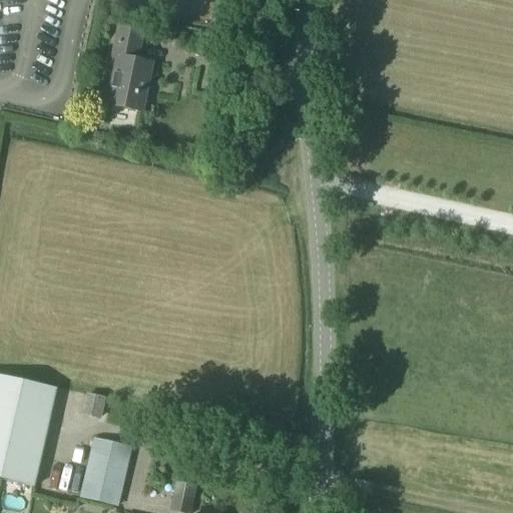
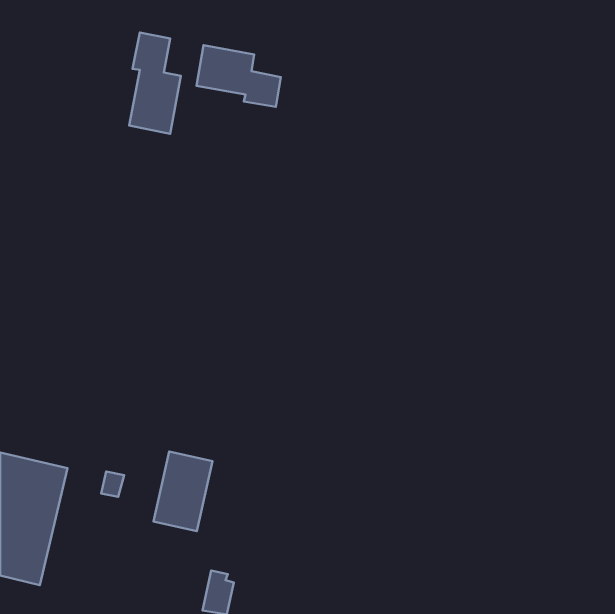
building: none -> [197,45,281,107]
building: [81,436,130,502] -> [154,452,213,531]

